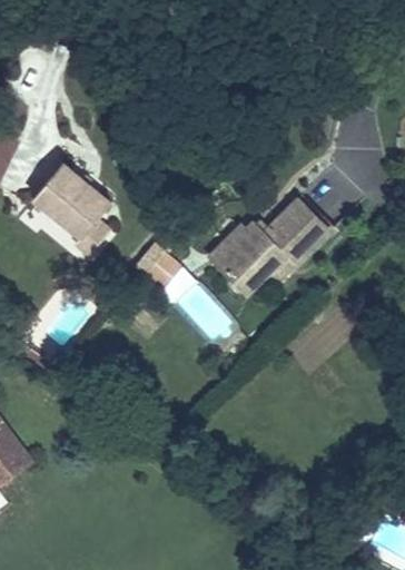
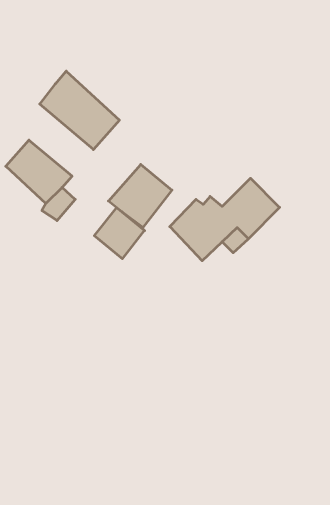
building: none -> [40,71,119,150]
building: none -> [108,164,172,228]

